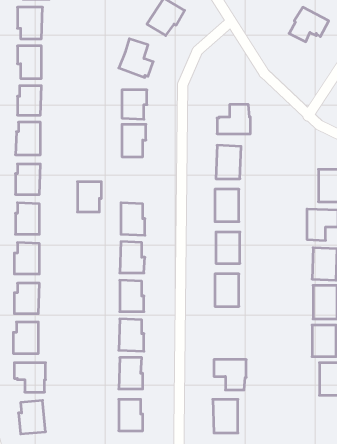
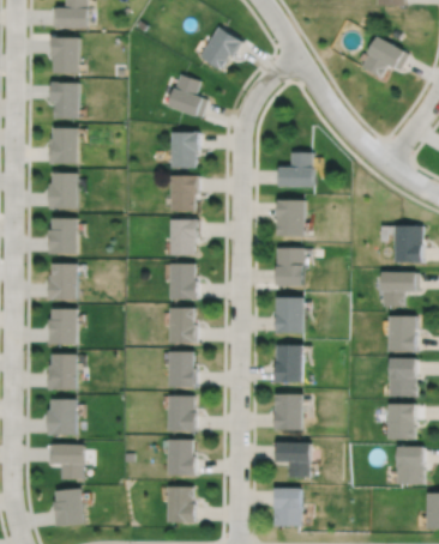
building: [77,182,101,212] -> [169,219,197,254]
building: none -> [277,393,305,429]

